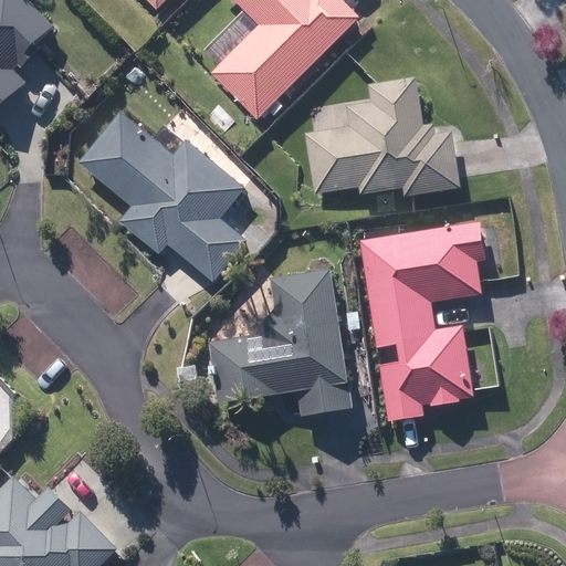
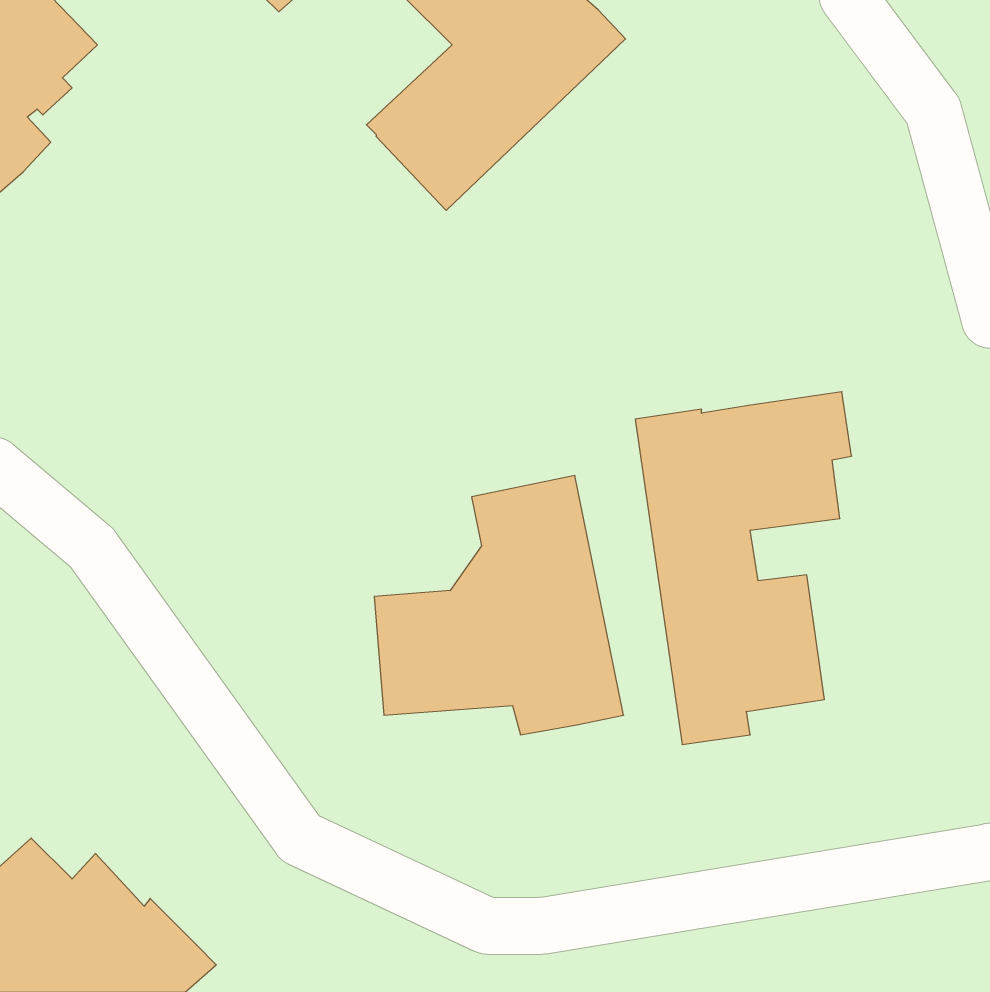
building: [301,80,455,198] -> none
building: [84,112,252,280] -> none

